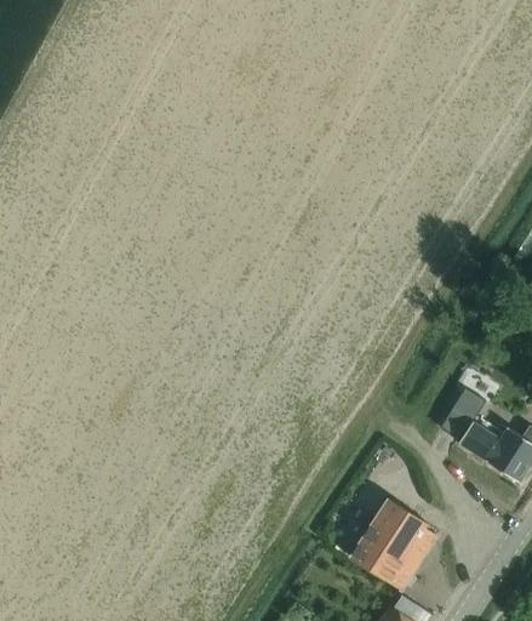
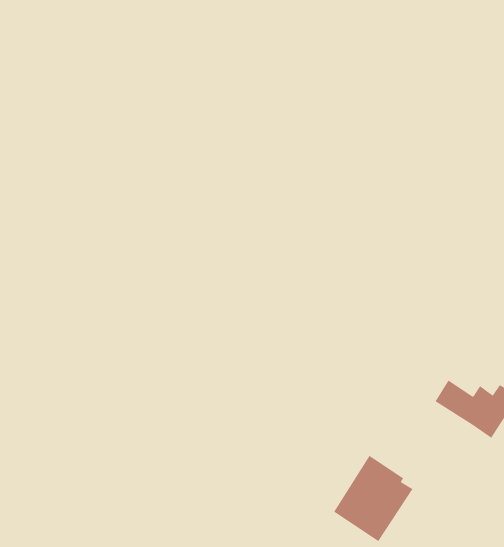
building: [441,389,485,439] -> none

